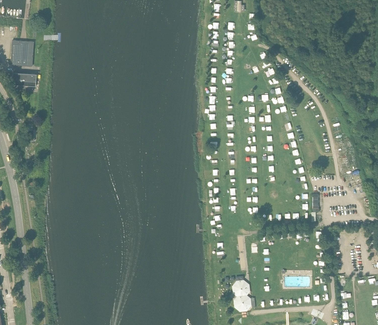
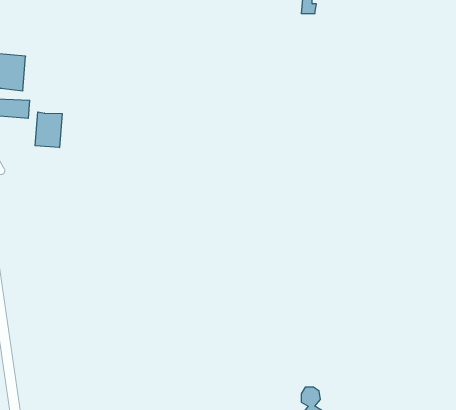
building: none -> [35,112,62,148]

